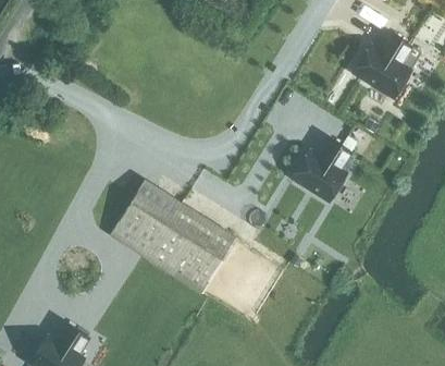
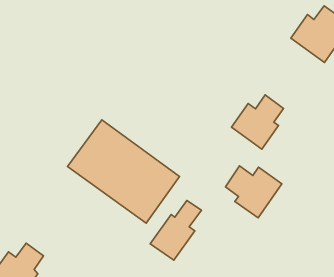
building: none -> [225,166,282,218]
building: none -> [150,201,202,260]

